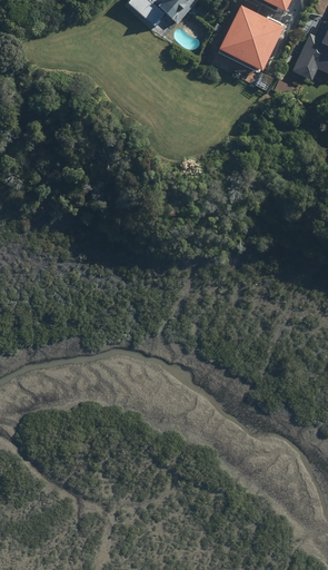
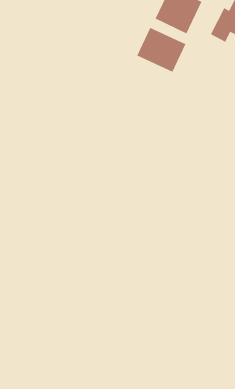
building: none -> [136,27,186,73]

